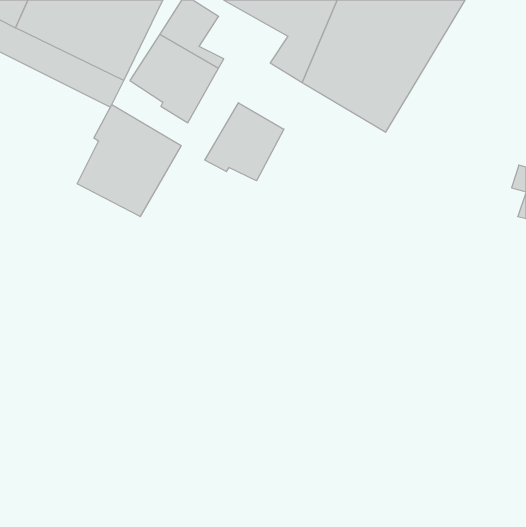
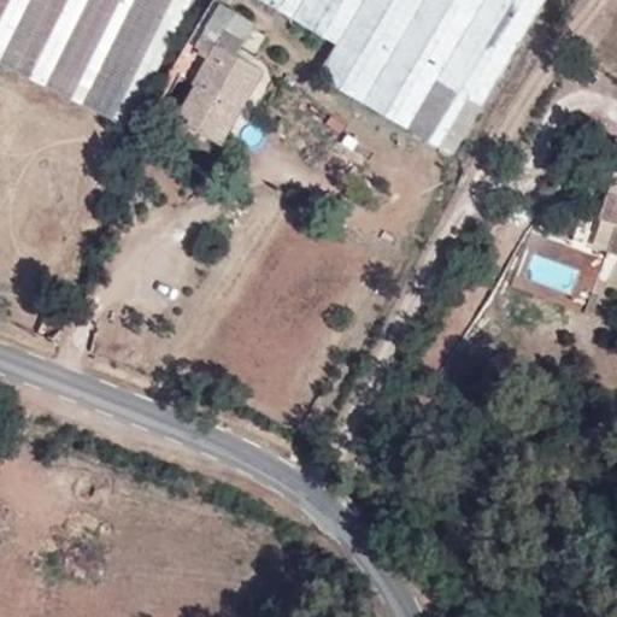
building: [205,103,284,181] -> none
building: [77,105,181,217] -> none

